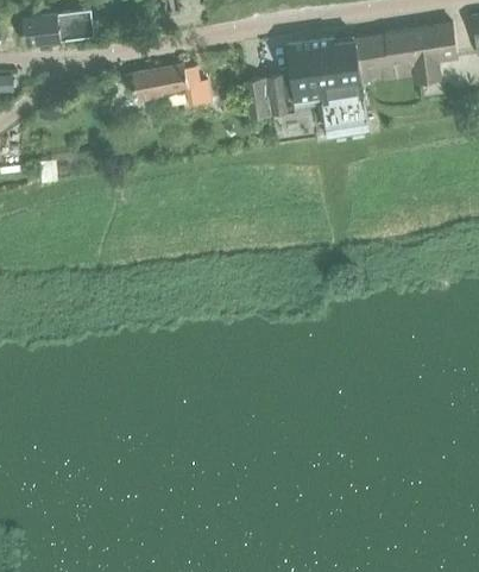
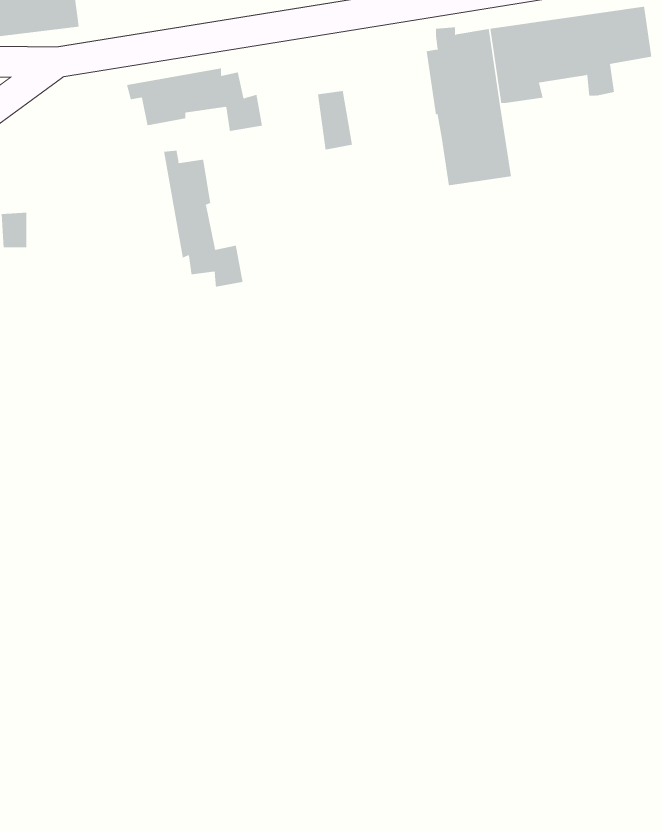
building: [266,40,320,113] -> none
building: none -> [163,150,243,287]

